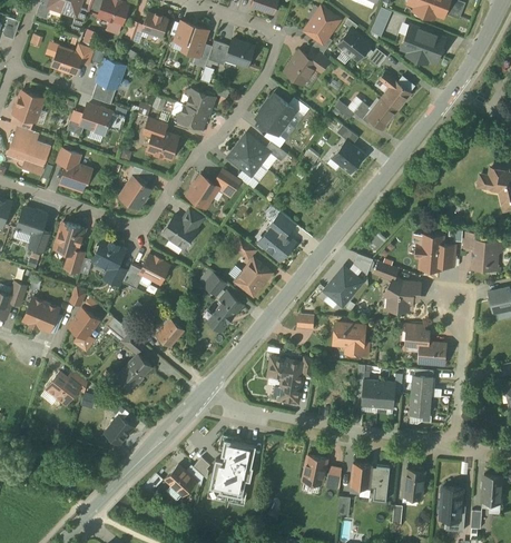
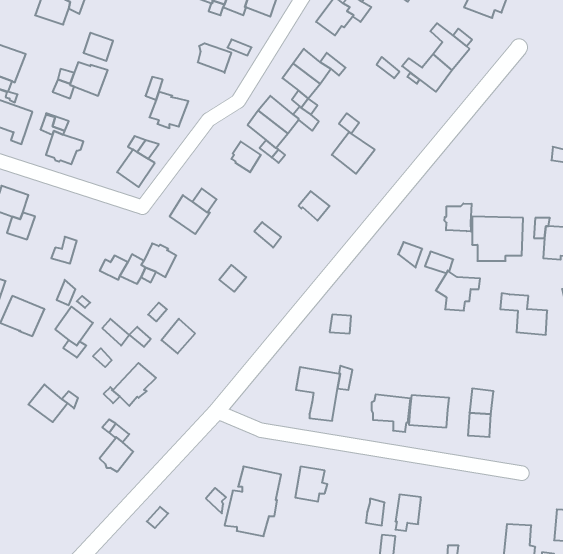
building: [97,60,124,88] -> none
building: [176,105,207,129] -> none
building: [330,140,365,175] -> [332,132,375,174]
building: [187,177,217,207] -> none
building: none -> [445,203,472,232]
building: [55,224,83,260] -> none
building: [262,226,292,260] -> none
building: [92,239,125,271] -> none
building: [235,259,271,296] -> none
building: [322,269,361,310] -> none
building: [213,293,242,324] -> none
building: [333,324,365,355] -> [372,394,411,432]
building: [405,330,444,365] -> [500,293,547,335]
building: [302,456,328,485] -> [295,467,327,502]
building: [165,465,196,496] -> none
building: [368,466,390,503] -> none
building: [402,468,424,498] -> none

